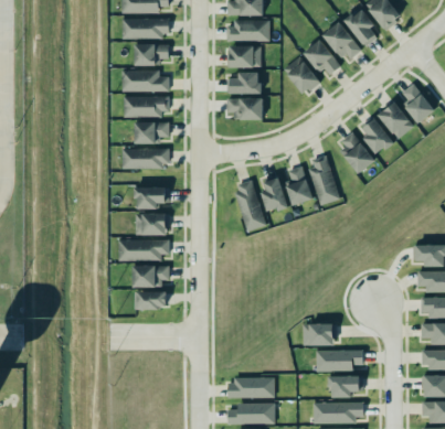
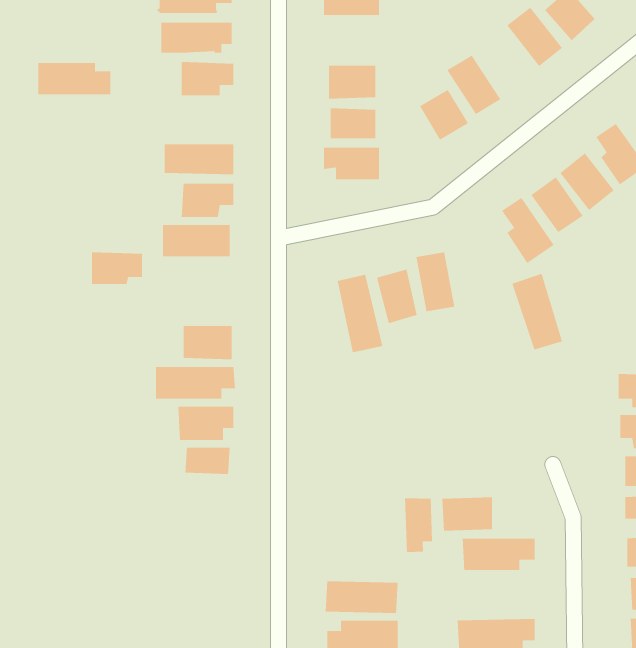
building: [225,21,268,41] -> none
building: [322,21,361,62] -> none
building: [119,69,167,90] -> [38,62,111,95]
building: [306,154,339,204] -> [511,273,563,350]
building: [135,186,168,207] -> [91,252,143,284]
building: none -> [405,497,432,553]
building: [327,375,362,397] -> none

